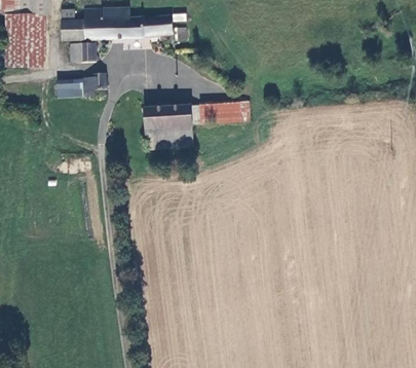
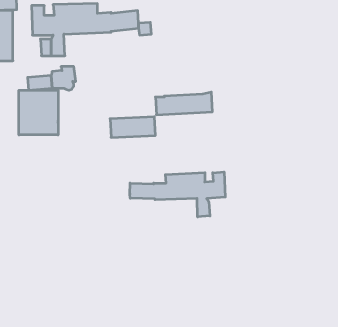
building: none -> [19,90,58,135]
building: [142,105,191,127] -> none
building: none -> [130,172,225,217]

